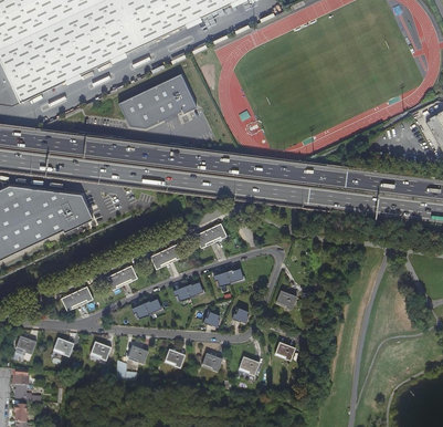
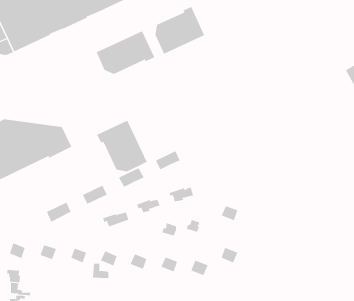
building: none -> [155,6,205,54]
building: none -> [97,120,148,172]

